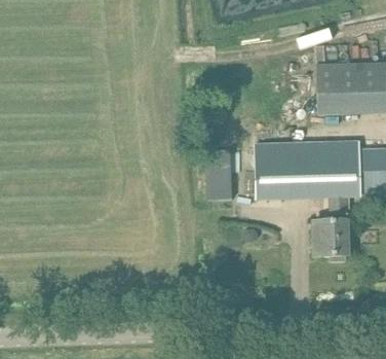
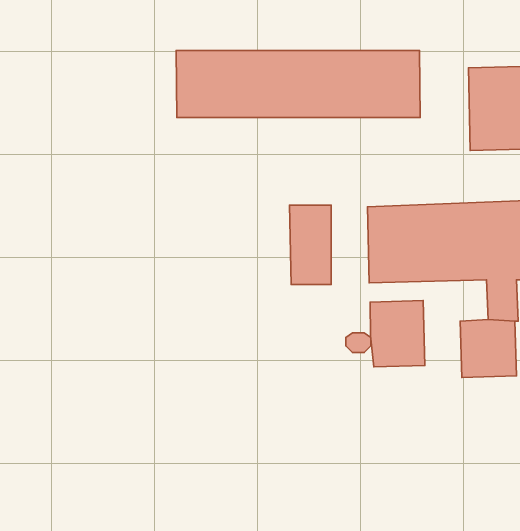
building: none -> [176,51,420,118]
building: none -> [370,301,425,367]

